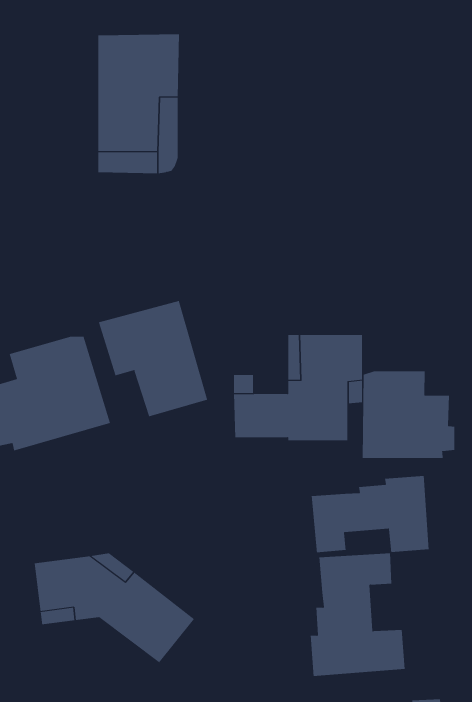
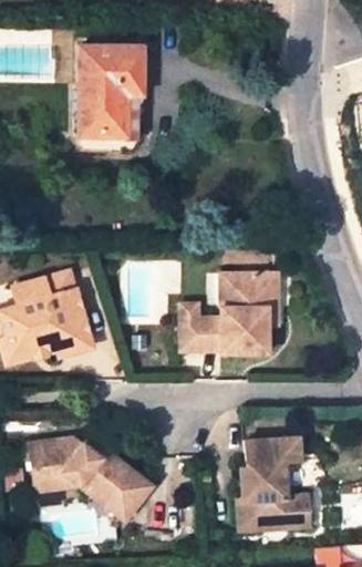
building: [98,300,208,417] -> none
building: [362,371,455,459] -> none
building: [311,475,429,553] -> none

